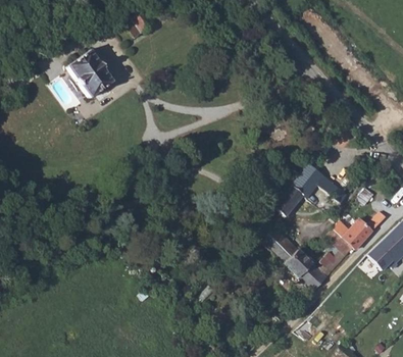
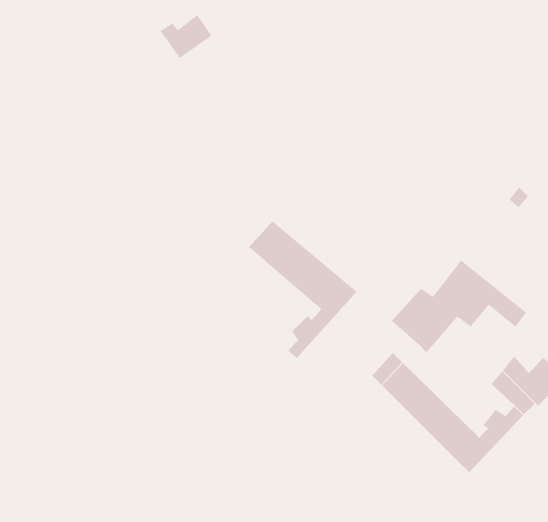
building: [65,49,114,100] -> none
building: none -> [248,221,357,359]

